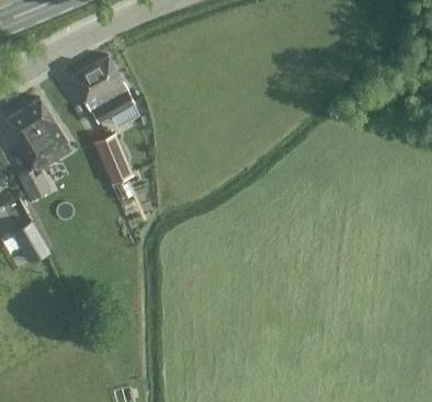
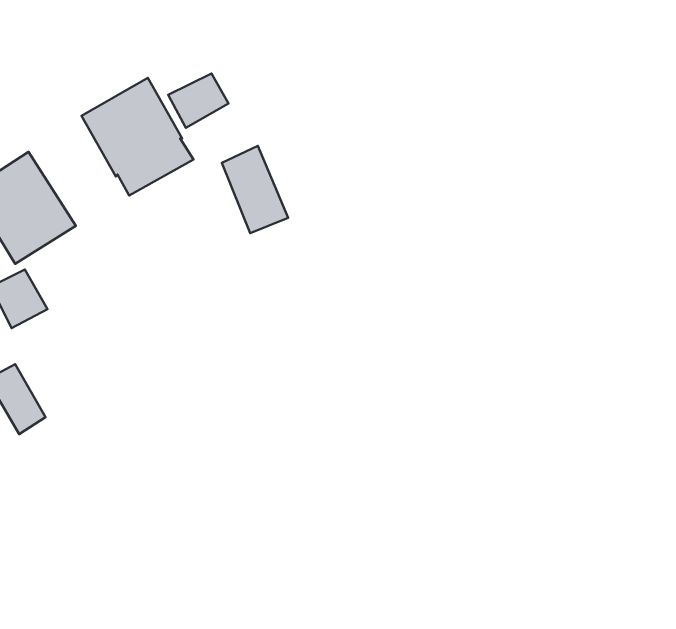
building: none -> [168,73,228,128]
building: [95,134,134,184] -> [222,146,288,233]

